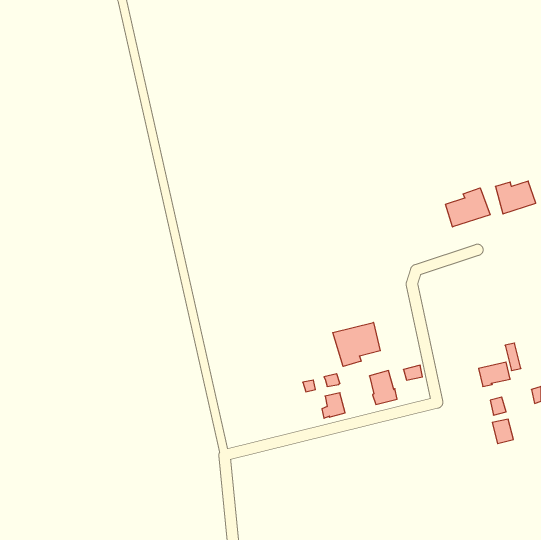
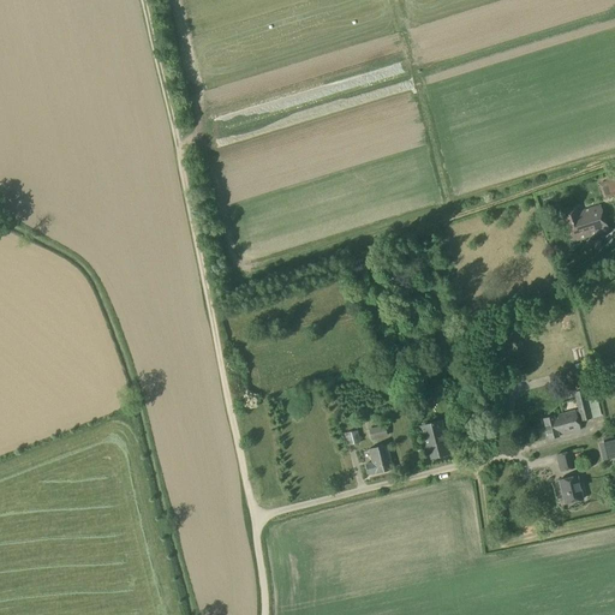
building: [446,188,490,227] -> none
building: [333,322,380,366] -> none

